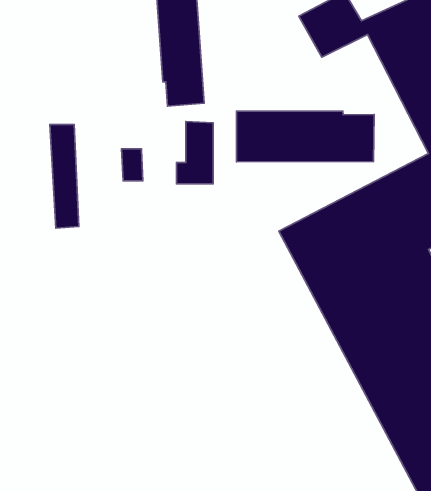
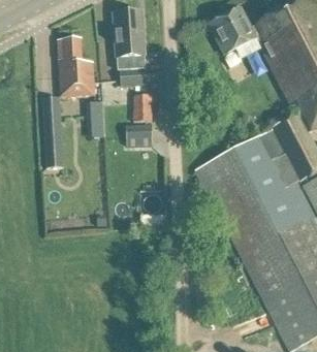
building: none -> [57,38,93,96]
building: [236,111,374,162] -> none

